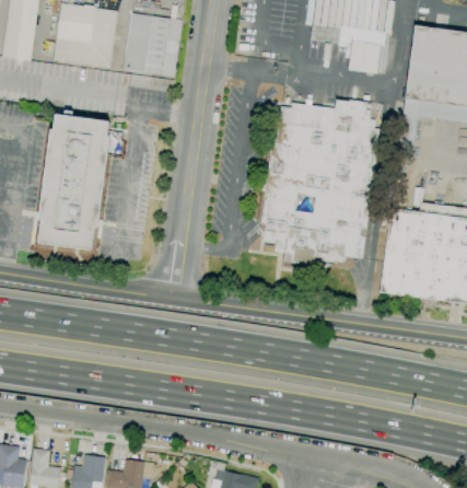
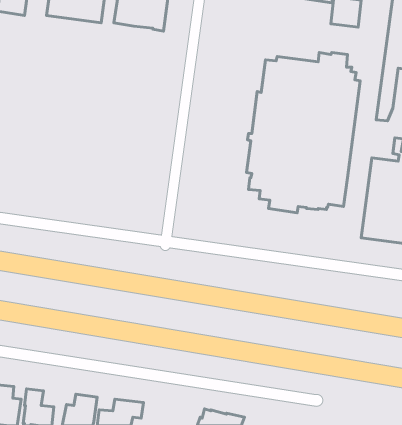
building: [38,115,110,251] -> none

